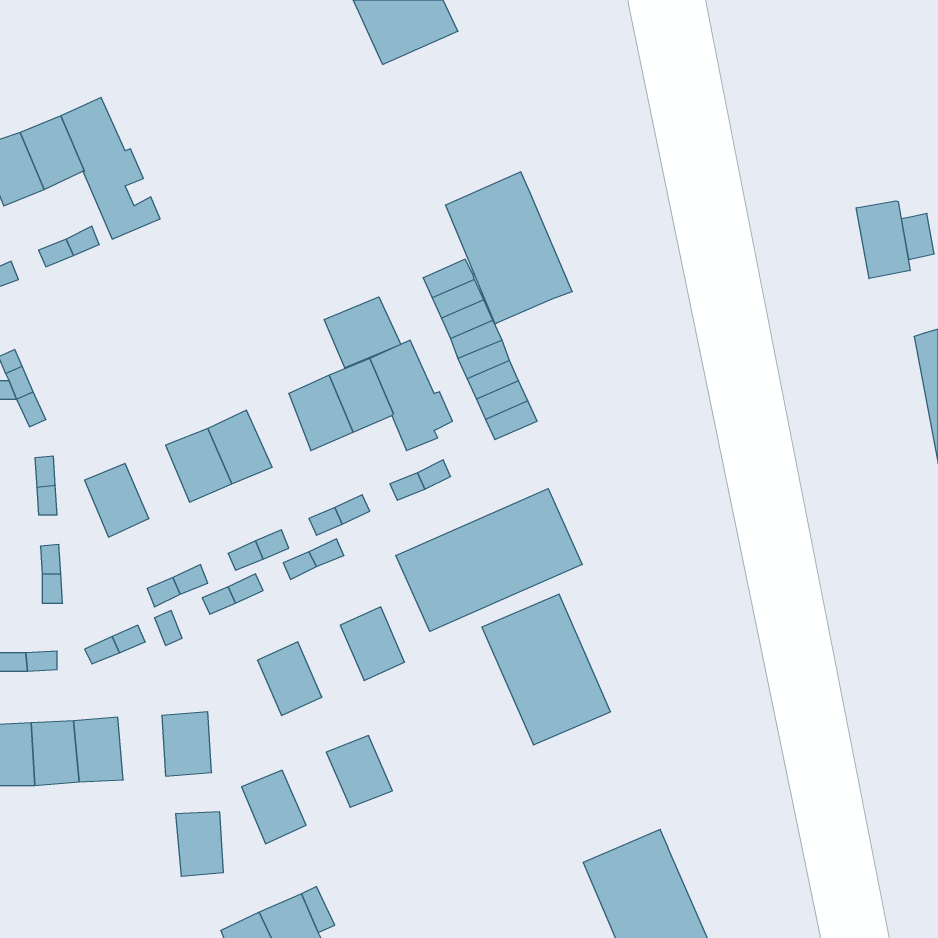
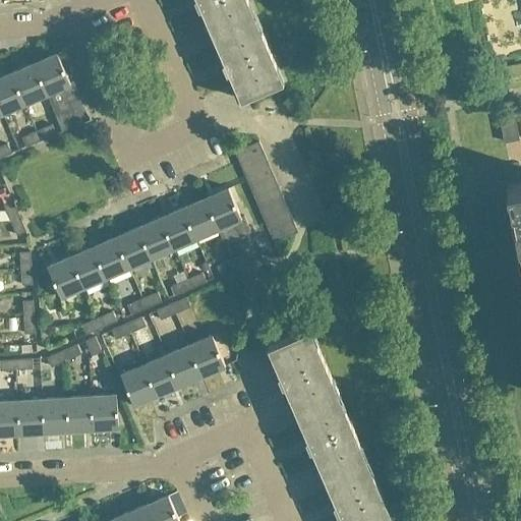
building: [445,172,572,325] -> [212,18,282,103]
building: [856,201,910,279] -> none
building: [324,297,401,368] -> none
building: none -> [136,219,172,259]
building: none -> [69,247,105,288]
building: [396,489,582,631] -> none
building: none -> [295,395,365,478]
building: [326,736,392,807] -> [165,347,201,387]
building: [242,770,306,844] -> [120,366,156,407]
building: [176,812,223,876] -> [65,397,92,432]

